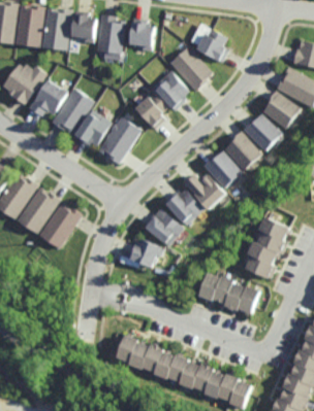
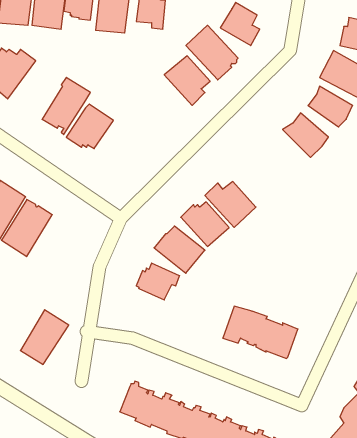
building: [28,78,67,116] -> none
building: [133,93,166,129] -> none
building: [95,116,138,165] -> none
building: [226,132,262,171] -> none
building: [205,155,242,190] -> none
building: [40,203,80,247] -> [20,310,69,364]
building: [247,219,292,282] -> none

